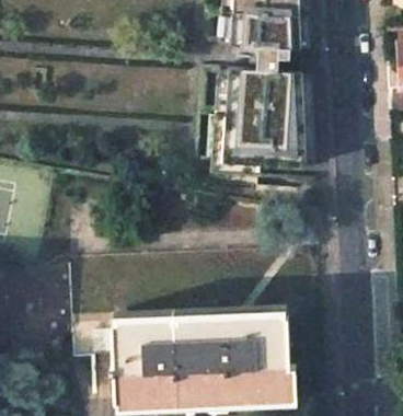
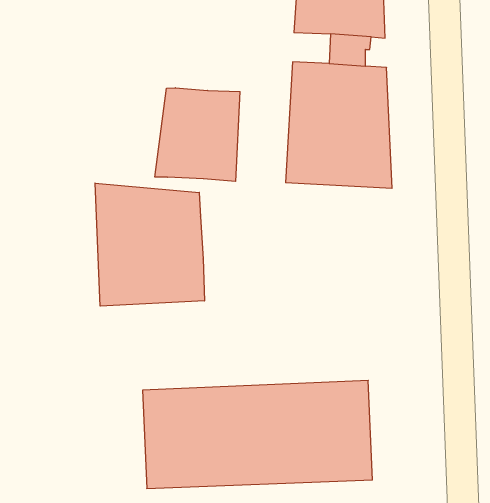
building: none -> [155,88,240,181]
building: none -> [95,183,204,306]

